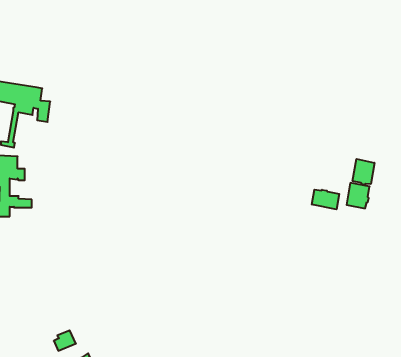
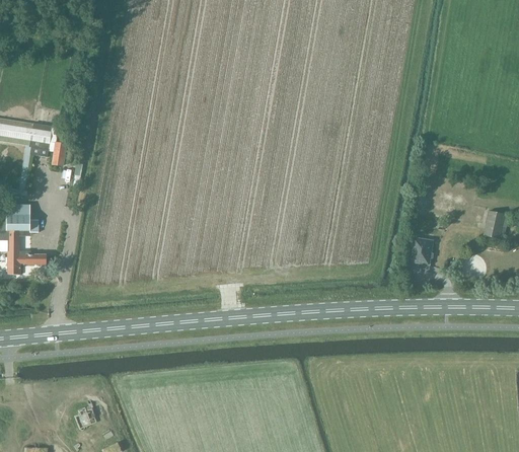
building: [353,159,374,185] -> none
building: [312,190,339,209] -> none

